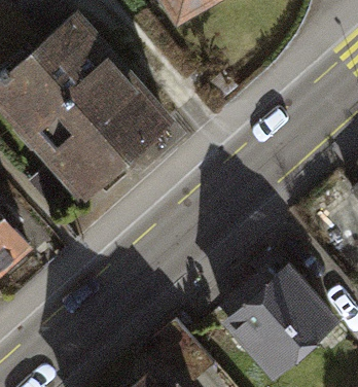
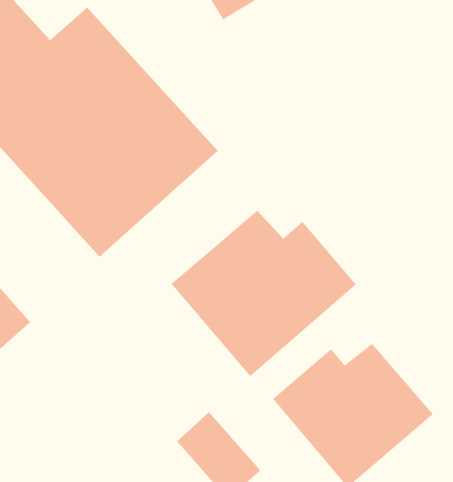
building: none -> [170,210,357,377]

